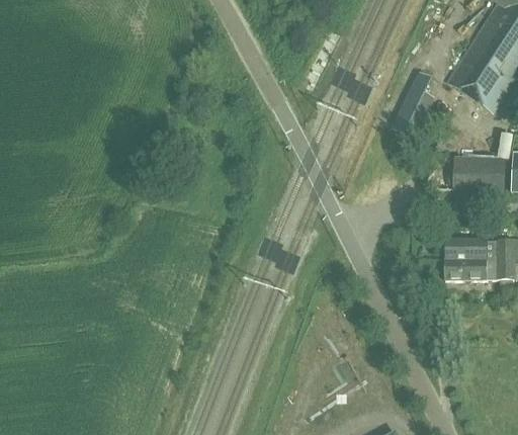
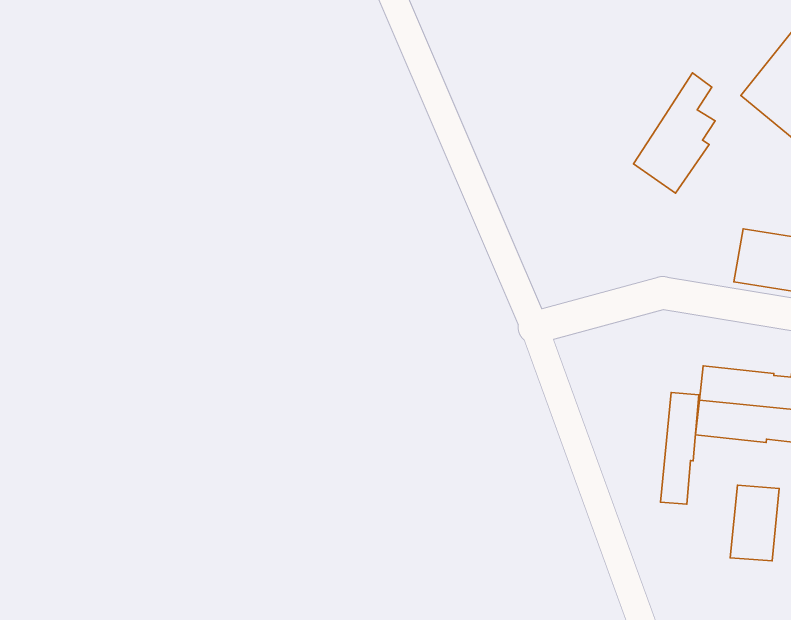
building: none -> [661,393,699,504]
building: none -> [730,485,779,561]

